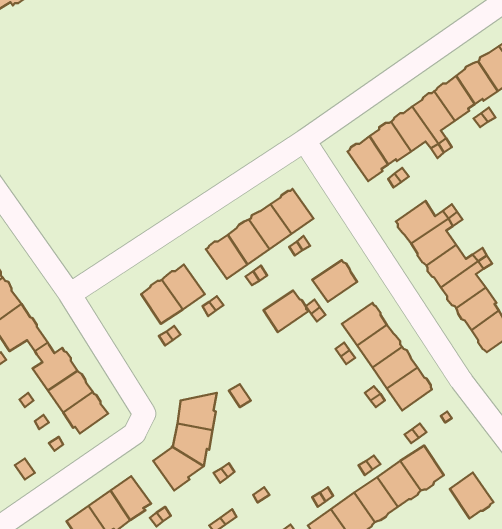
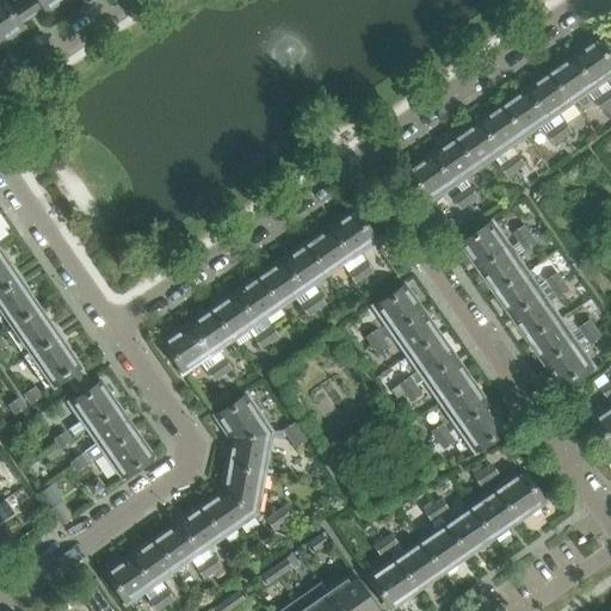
building: none -> [234,276,280,325]
building: [263,290,308,332] -> [390,311,439,357]
building: none -> [163,325,209,374]
building: none -> [216,395,270,440]
building: none -> [177,506,223,553]
building: [450,472,494,518] -> [495,471,543,521]

